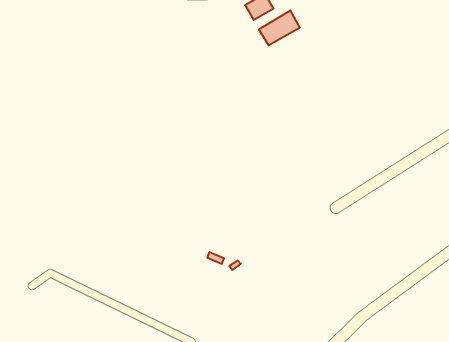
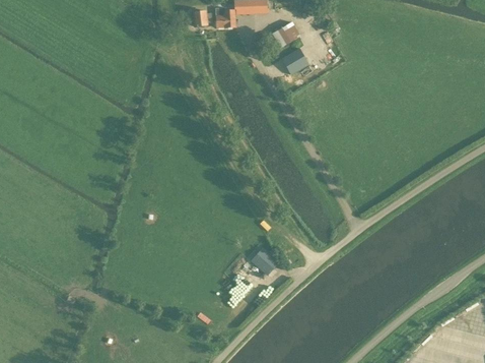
building: none -> [250,249,279,278]

